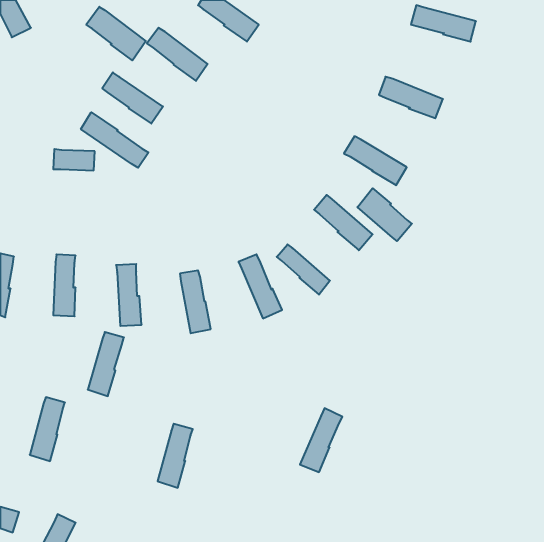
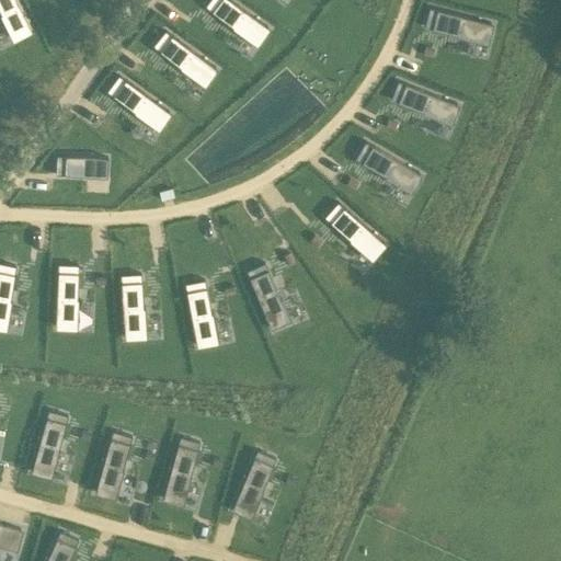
building: [86,7,146,60] -> none
building: [81,112,148,168] -> none
building: [357,188,412,241] -> none
building: [277,244,330,295] -> none
building: [88,332,124,396] -> [94,432,131,497]
building: [300,408,342,472] -> [231,450,275,516]

